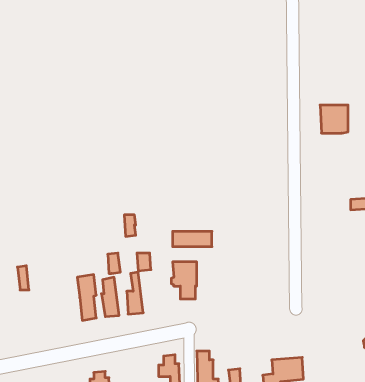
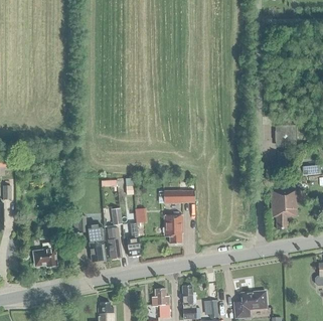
building: [320,105,348,133] -> [274,124,296,146]
building: none -> [271,189,304,227]
building: none -> [34,242,57,266]

